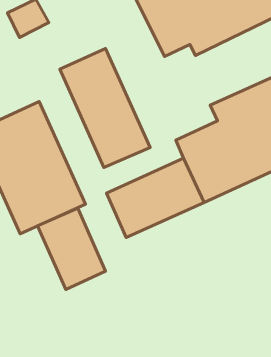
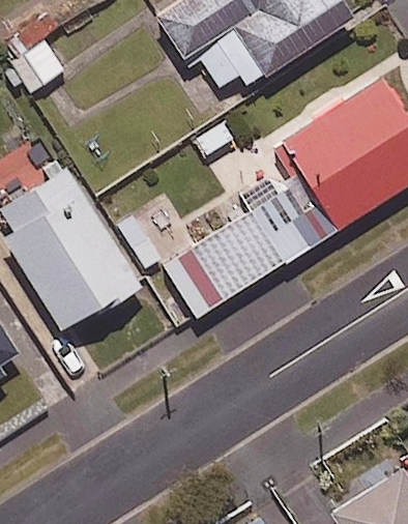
building: [60,48,150,168] -> none
building: [37,208,106,289] -> none

